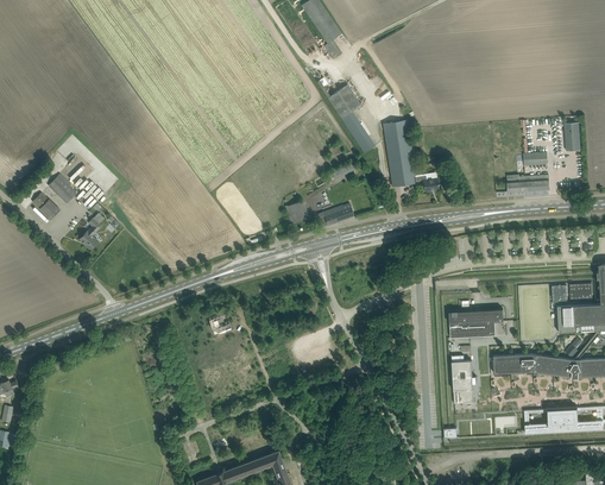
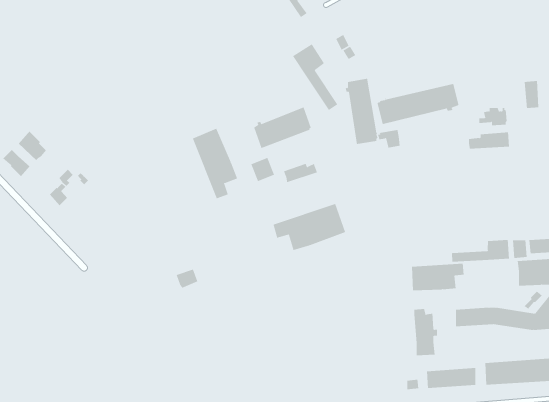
building: none -> [377,83,459,125]
building: none -> [253,107,312,149]
building: none -> [192,128,238,199]
building: none -> [273,203,346,251]
building: none -> [451,239,509,262]

